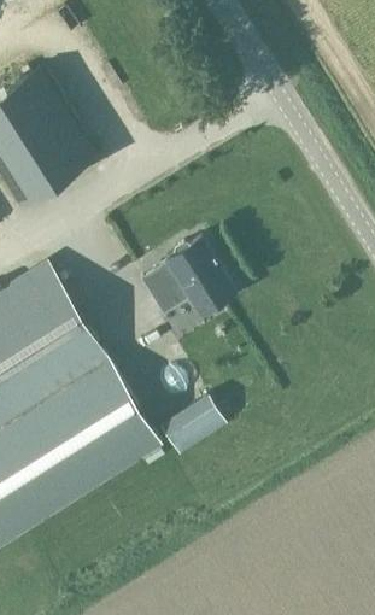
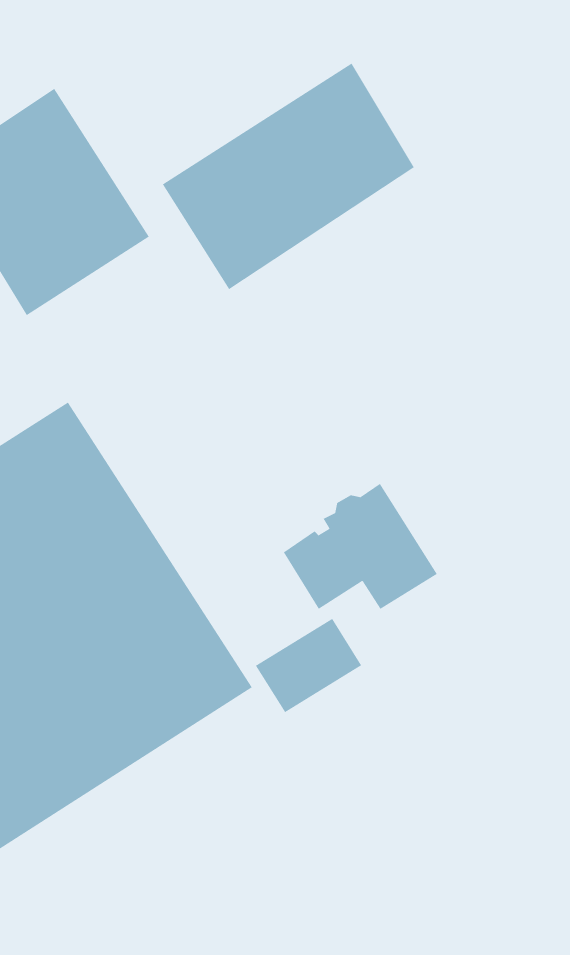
building: none -> [162,63,415,290]
building: [142,240,236,317] -> [283,483,438,610]

